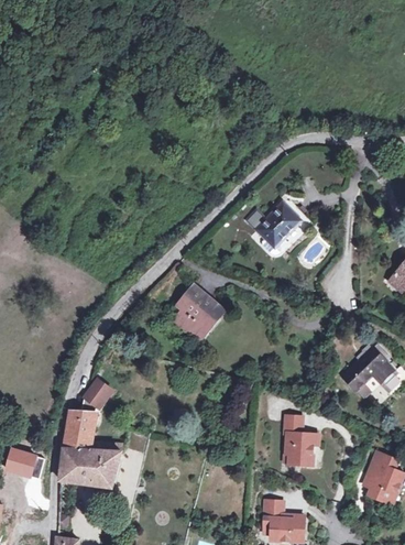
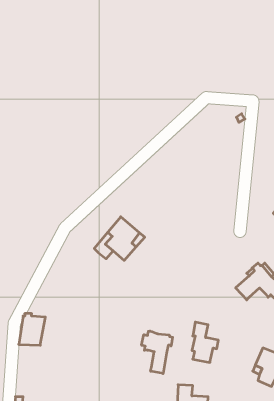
building: [247,201,302,257] -> none
building: [80,379,111,413] -> none
building: none -> [142,331,173,374]
building: [61,448,122,487] -> none

